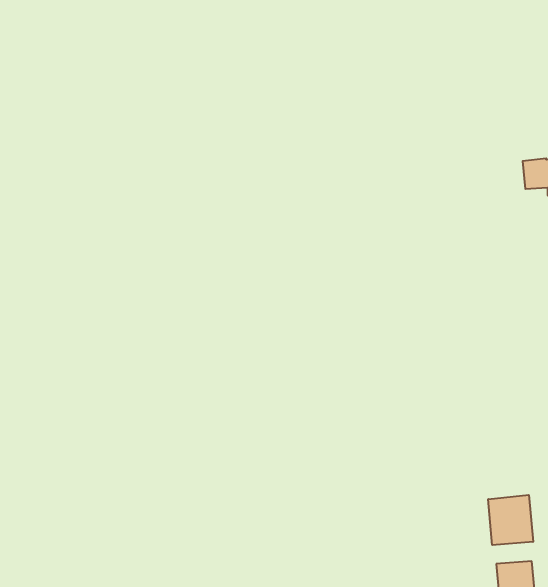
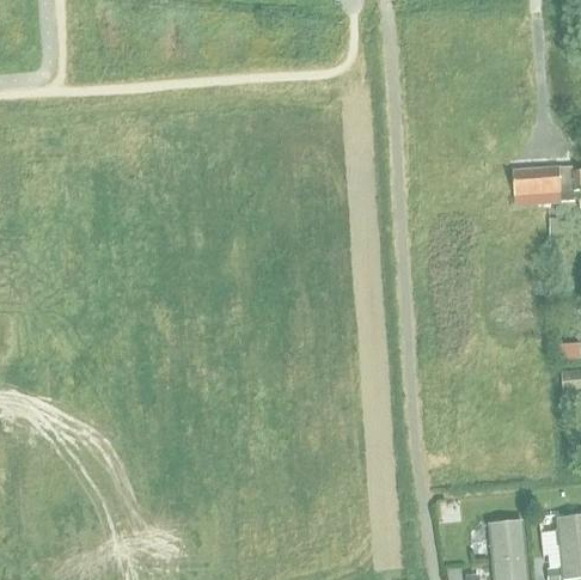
building: [488,495,533,545] -> none

